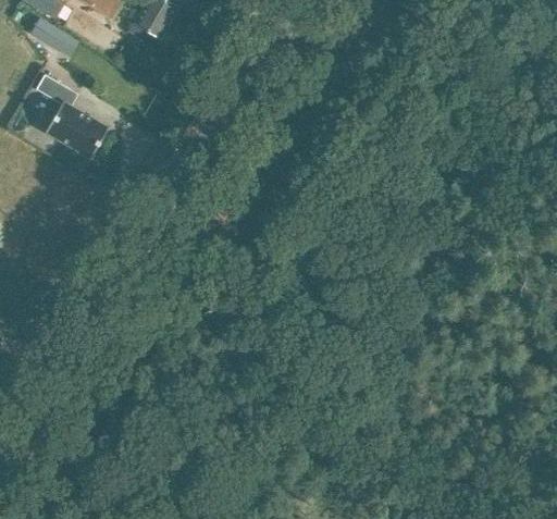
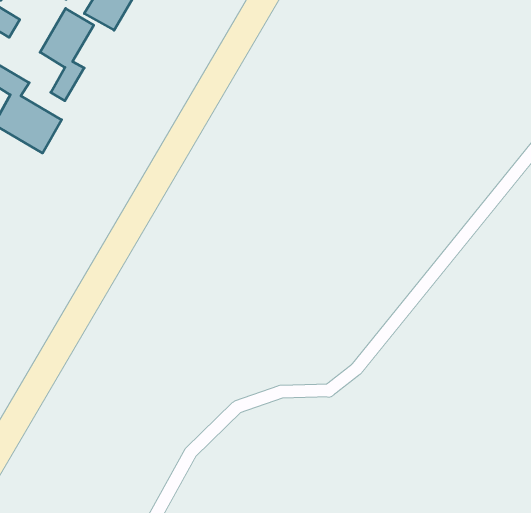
building: none -> [40,8,94,101]

